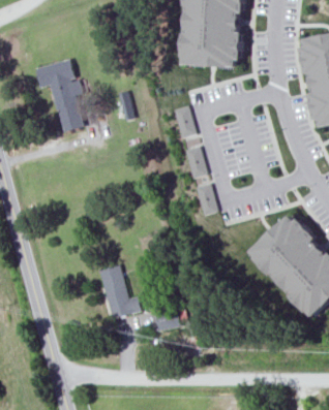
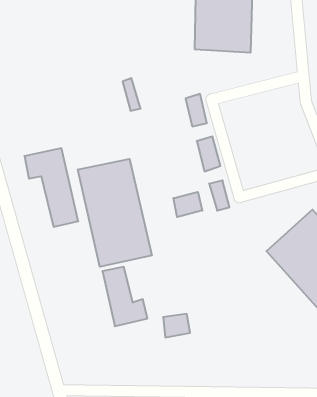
building: [34,59,84,131] -> [24,148,78,227]
building: none -> [78,159,152,267]
building: none -> [173,192,202,217]

